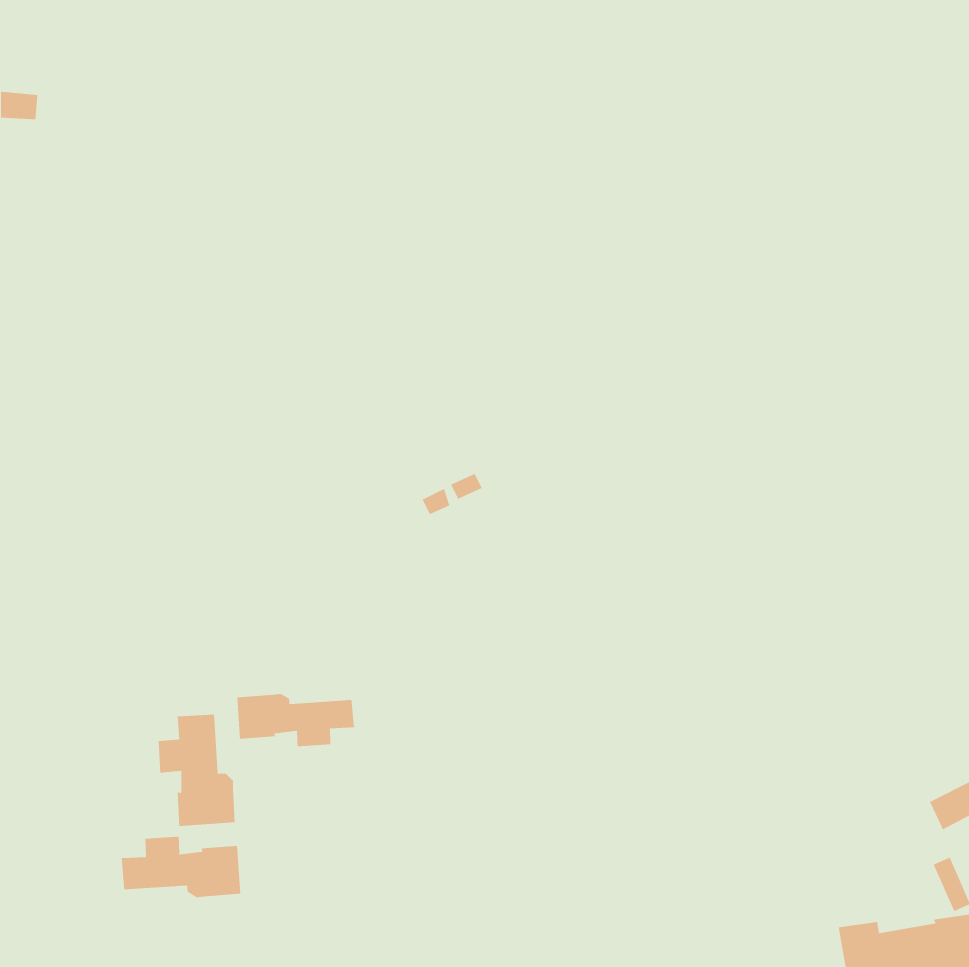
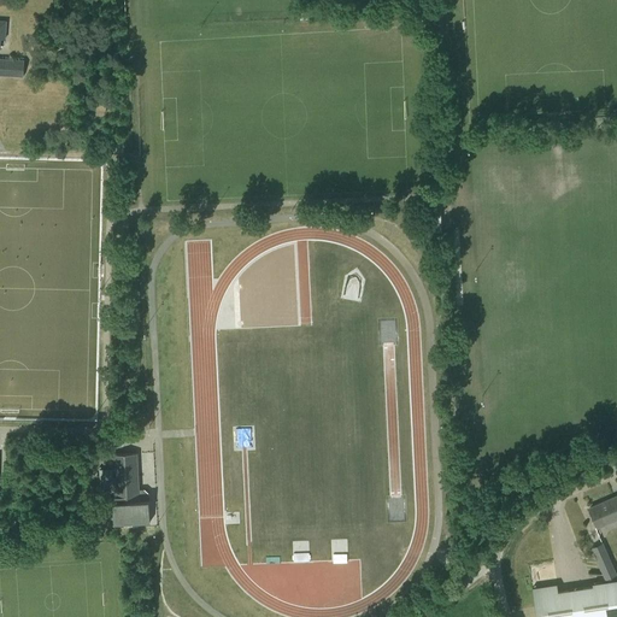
building: [237,693,354,747] -> none
building: [121,836,241,898] -> none

